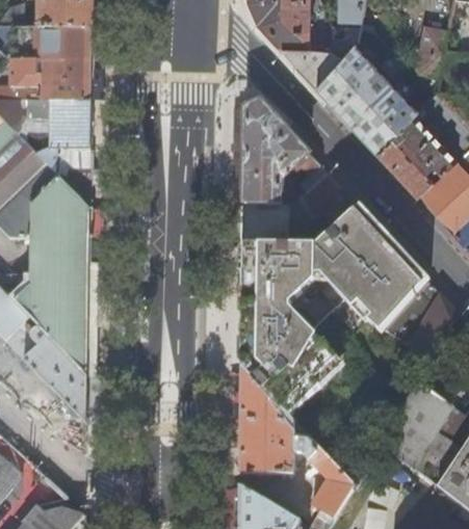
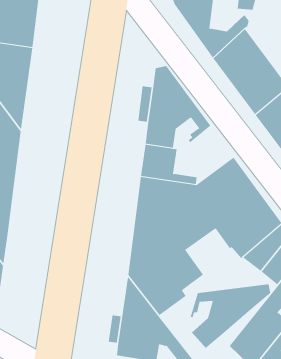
building: none -> [190,284,271,349]

